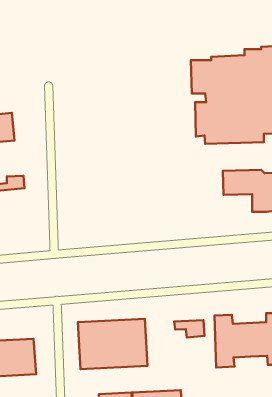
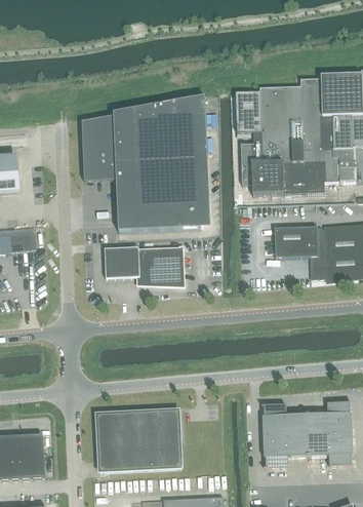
building: none -> [83,95,208,230]
building: none -> [105,244,184,283]
building: [174,320,204,337] -> none

